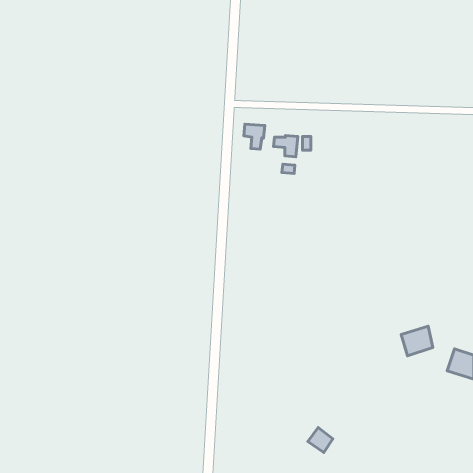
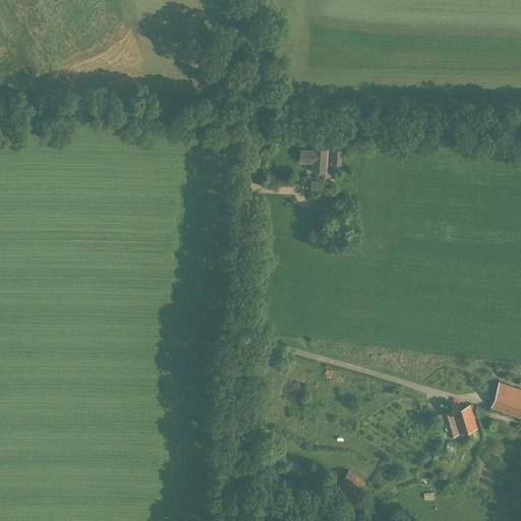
building: [244,124,265,149] -> none
building: [401,326,433,356] -> [442,406,476,439]

